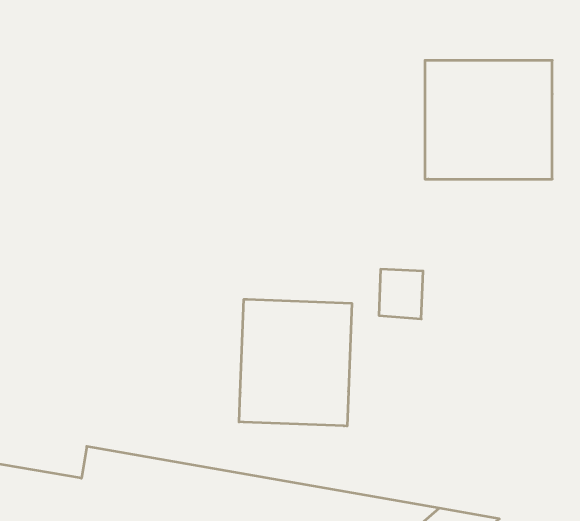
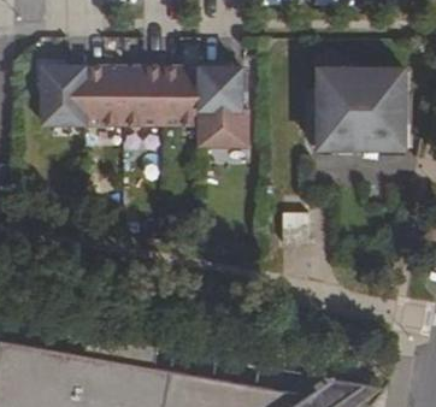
building: none -> [41,70,247,132]
building: [239,299,352,426] -> none

